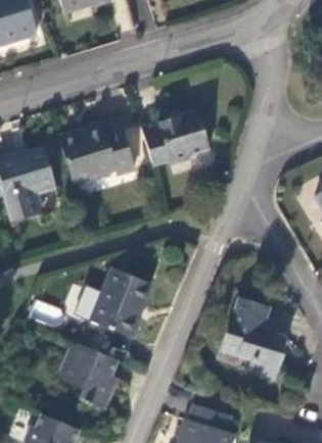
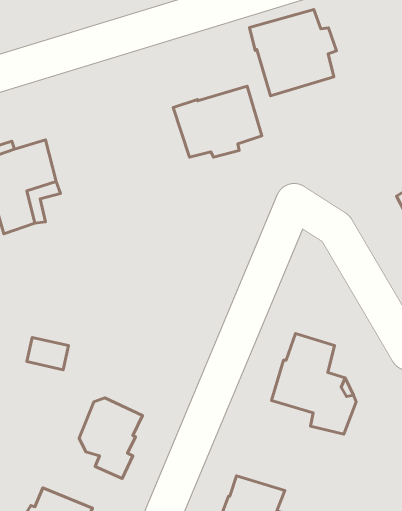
building: none -> [250,10,336,96]
building: [62,117,134,180] -> none
building: [75,268,151,338] -> none

